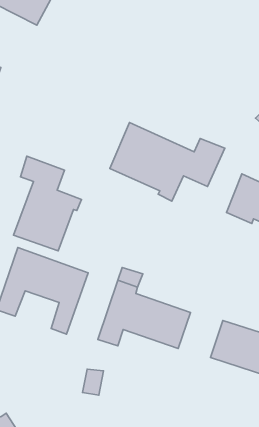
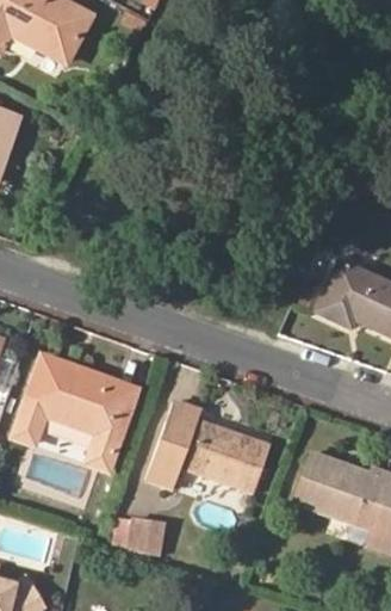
building: [110,123,225,201] -> none
building: [14,156,82,251] -> none

